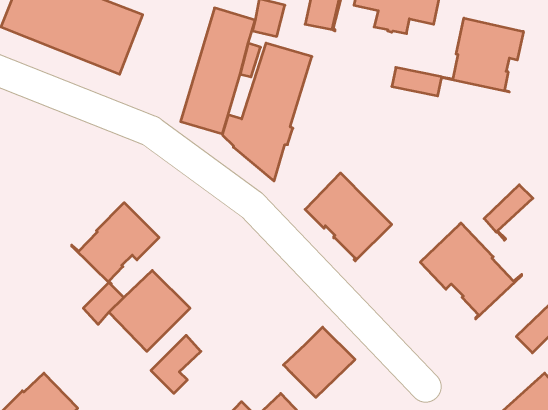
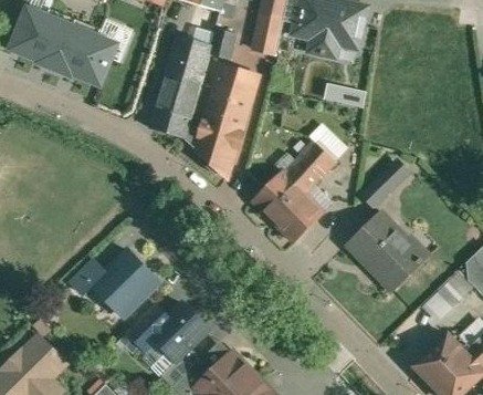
building: [442,18,523,92] -> none
building: none -> [275,141,335,194]
building: [484,185,533,240] -> [363,167,402,212]
building: [72,203,159,285] -> none
building: [283,327,355,397] -> [150,302,209,360]

